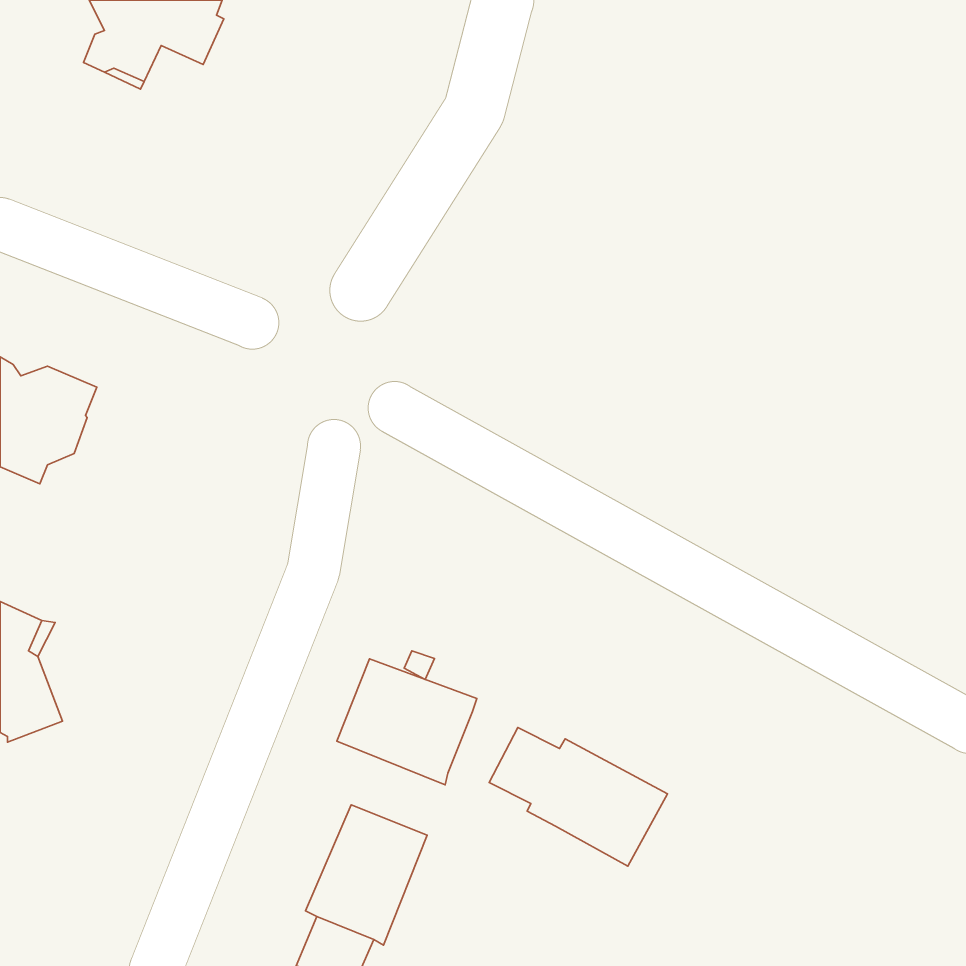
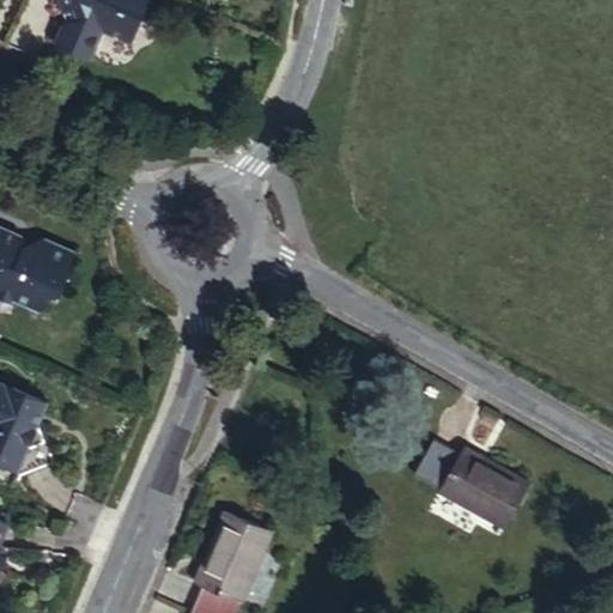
building: [337,659,477,785] -> none
building: [489,728,668,866] -> [415,444,528,532]

